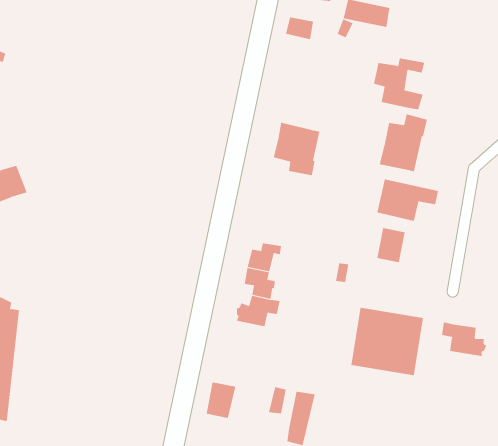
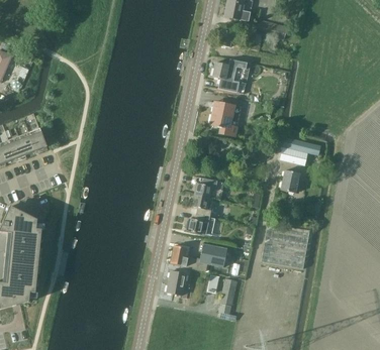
building: [373,58,425,110] -> [212,60,247,94]
building: [379,114,428,172] -> none
building: [441,322,487,357] -> none
building: none -> [169,244,225,272]

